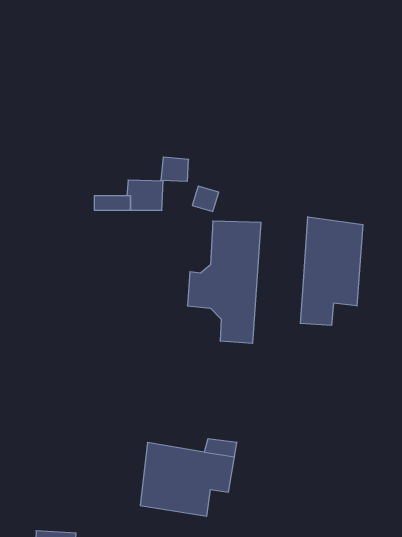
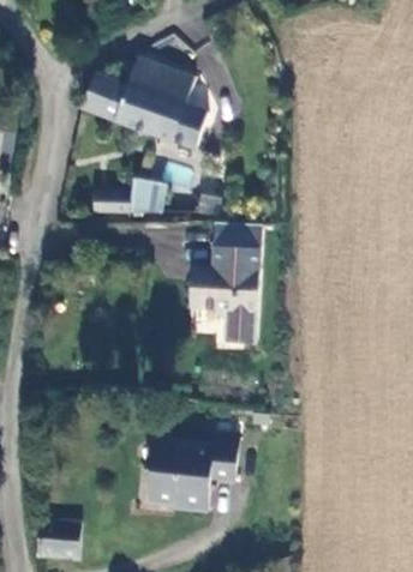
building: none -> [84,56,210,146]
building: [300,217,363,325] -> none

